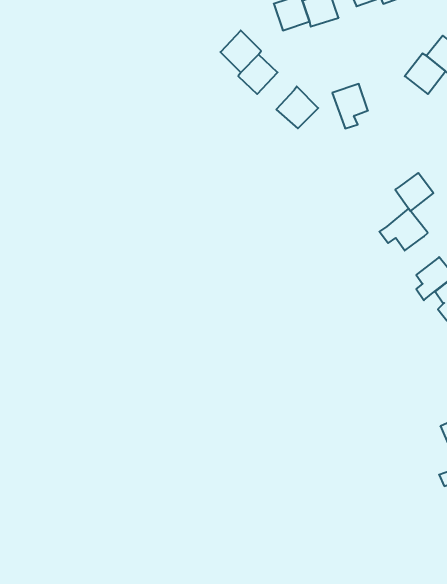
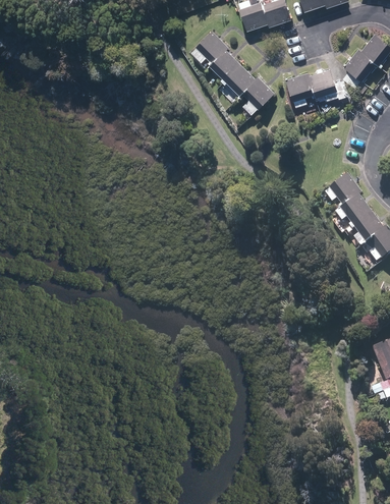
building: none -> [225,64,255,95]
building: none -> [307,69,336,99]
building: [395,173,433,211] -> [340,195,371,226]

